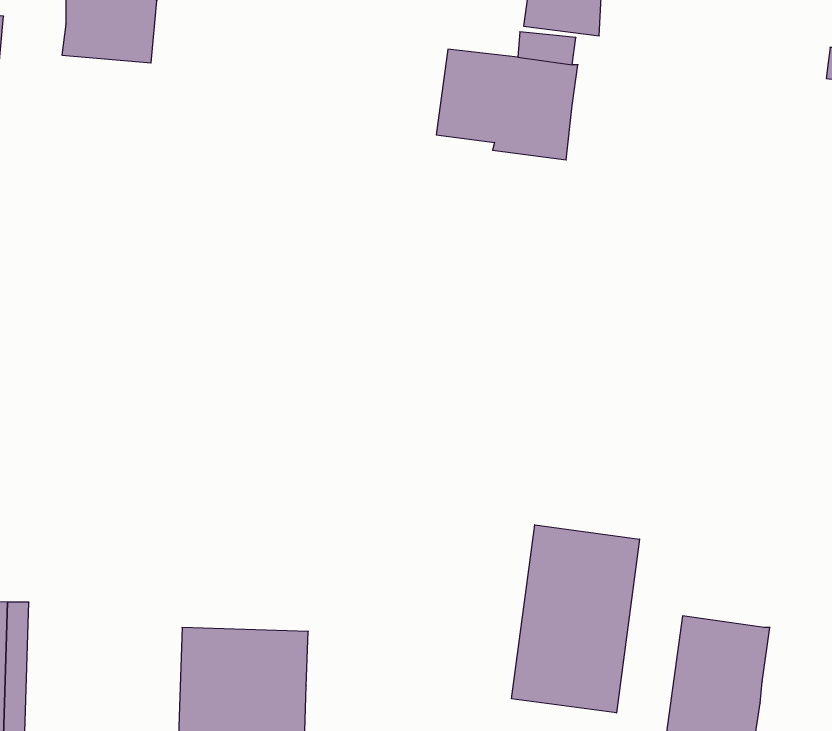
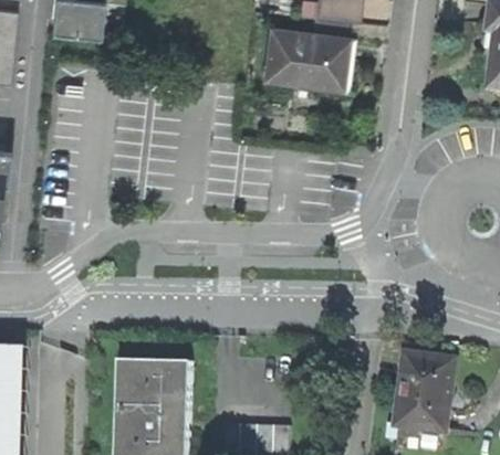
building: [512,525,640,713] -> none

